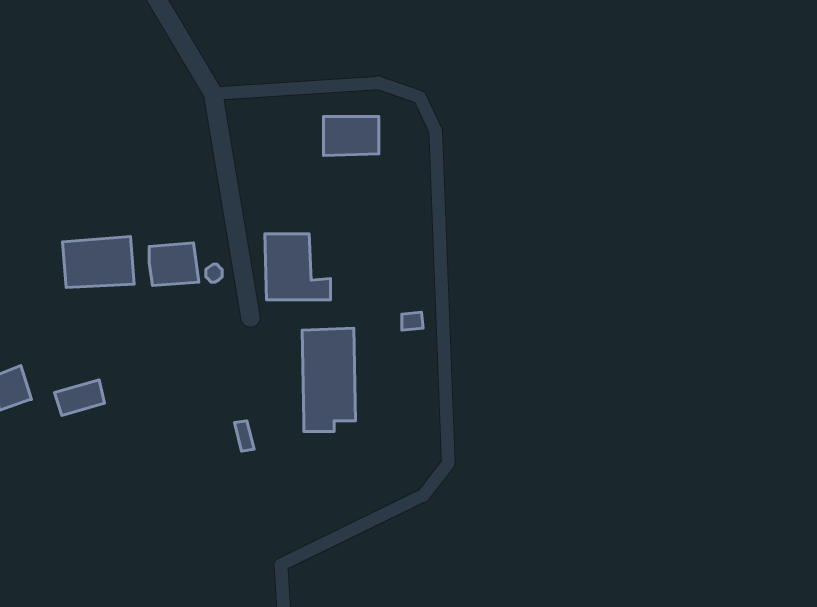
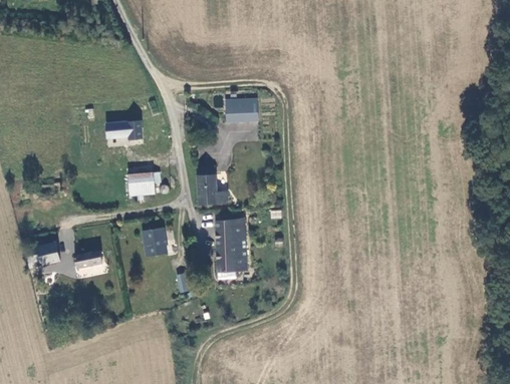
building: none -> [119,119,143,139]
building: [62,236,134,288] -> none
building: none -> [143,227,168,256]

